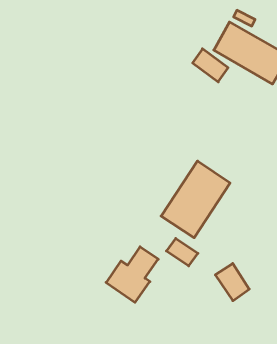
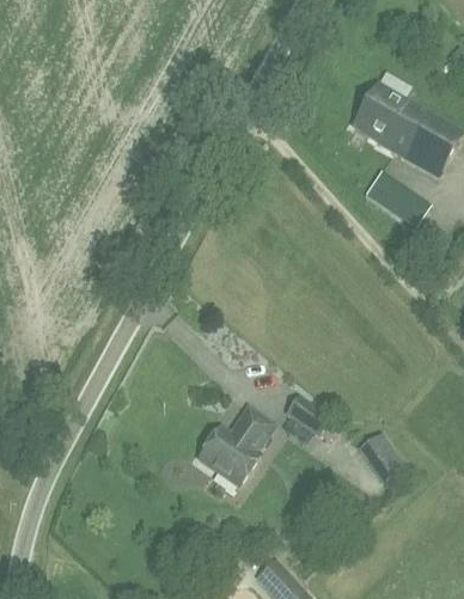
building: [193,49,228,82] -> [365,170,416,218]
building: [161,161,230,238] -> none

